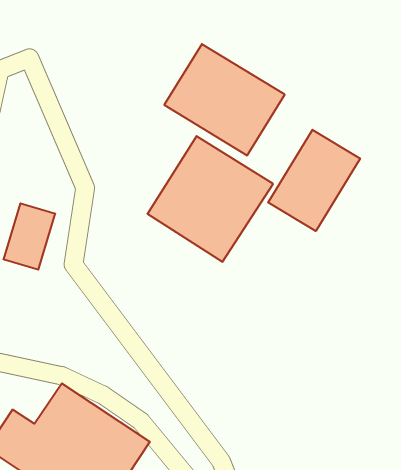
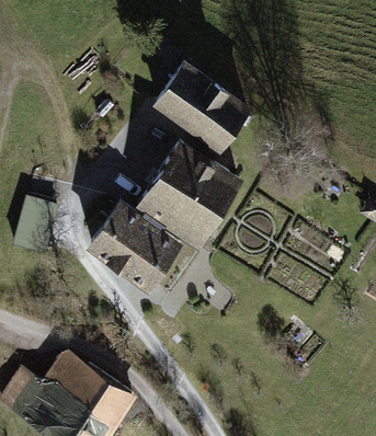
building: [268,130,360,231] -> none
building: none -> [87,204,182,292]

